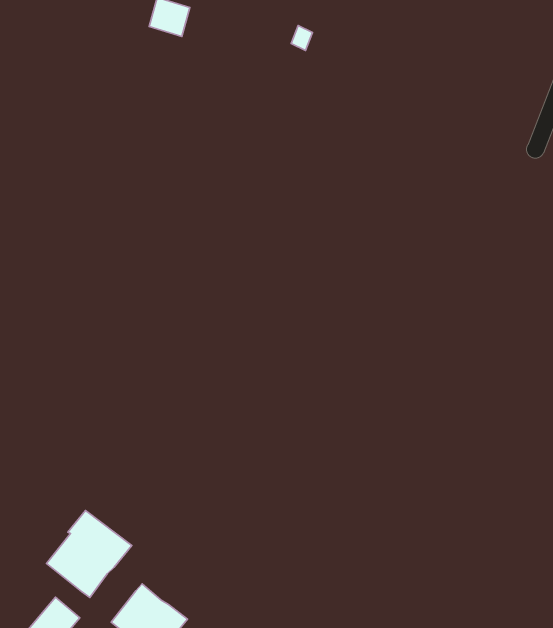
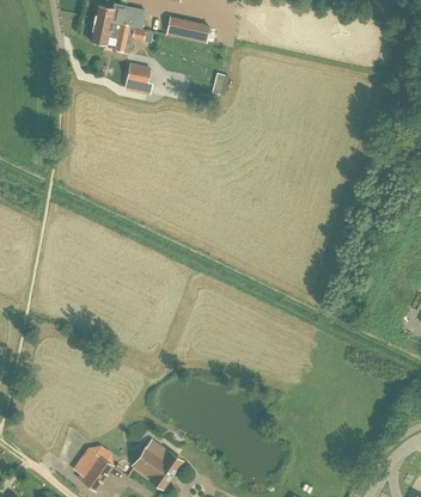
building: [46,511,132,597] -> none

